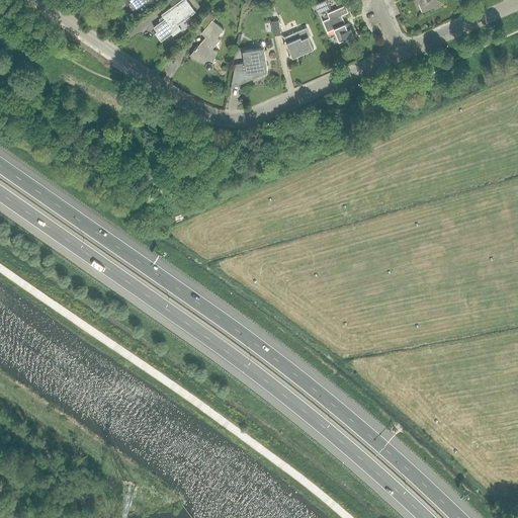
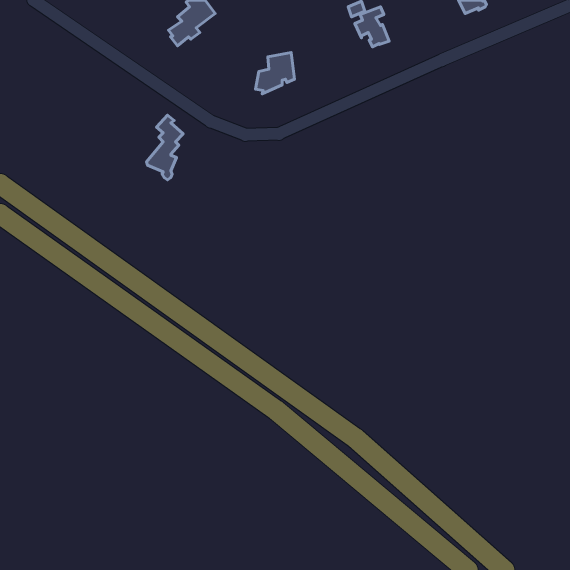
building: [190,13,224,72] -> [146,115,183,180]
building: [271,21,314,58] -> none

